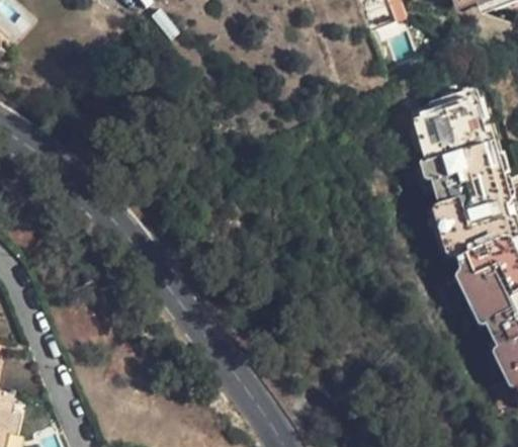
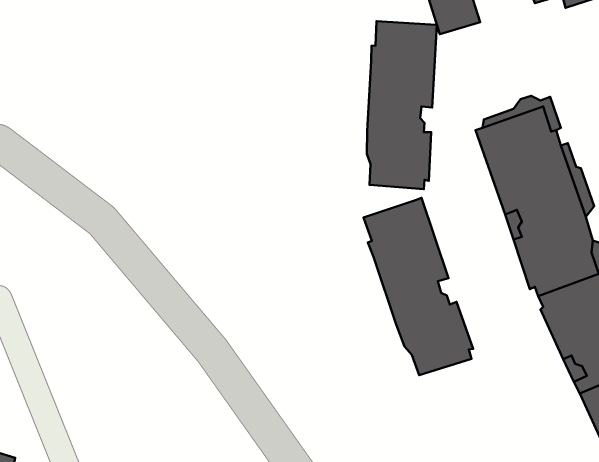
building: none -> [367,21,437,189]
building: none -> [364,198,473,375]

